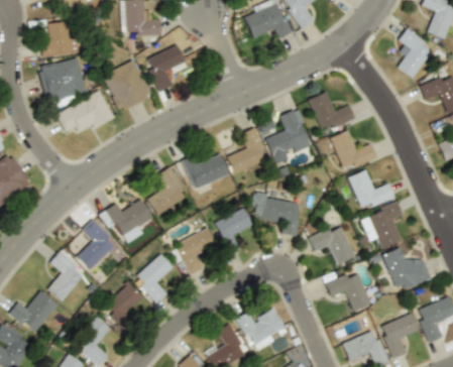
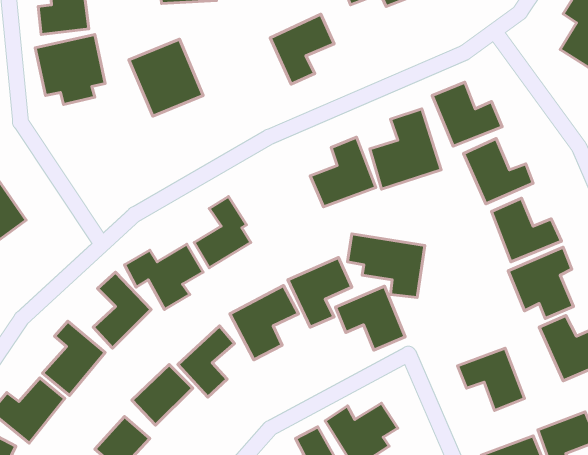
building: [144,44,188,92] -> [270,14,334,84]
building: [55,91,115,135] -> none
building: [182,154,231,194] -> none
building: [308,223,355,266] -> [335,286,405,350]

